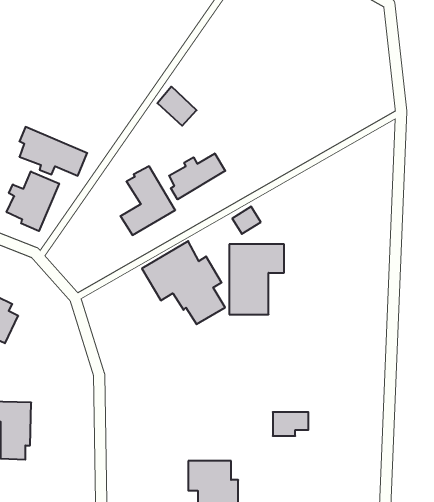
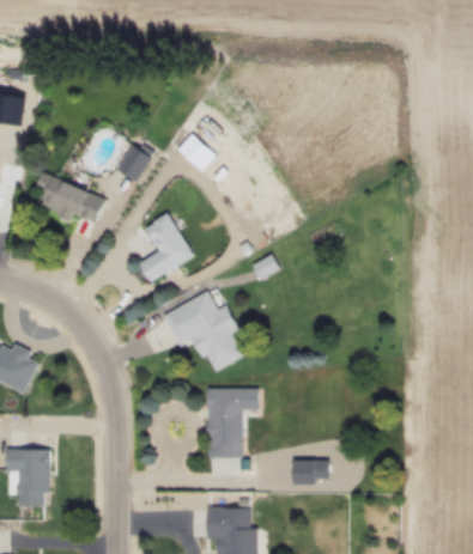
building: none -> [117,147,151,183]
building: [169,153,225,199] -> none
building: [7,171,59,231] -> none
building: [229,244,284,314] -> [206,389,261,459]

